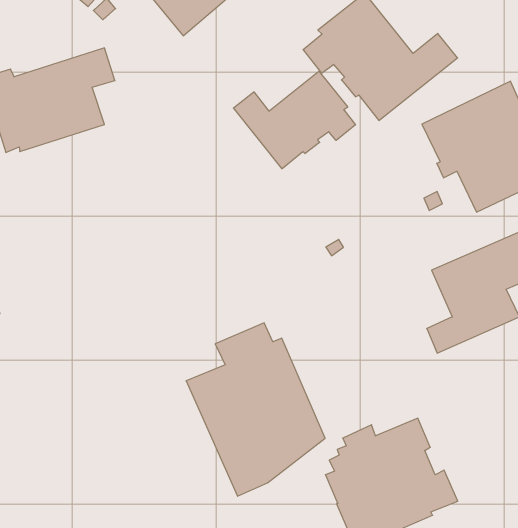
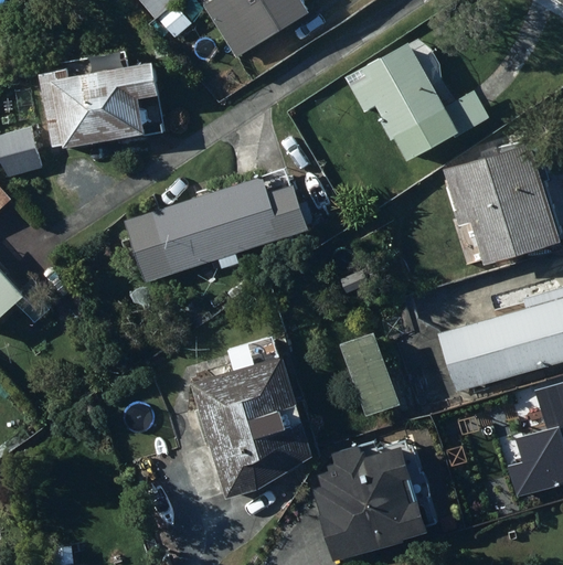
building: [233,71,355,169] -> none
building: none -> [124,175,312,281]
building: none -> [340,331,403,418]

